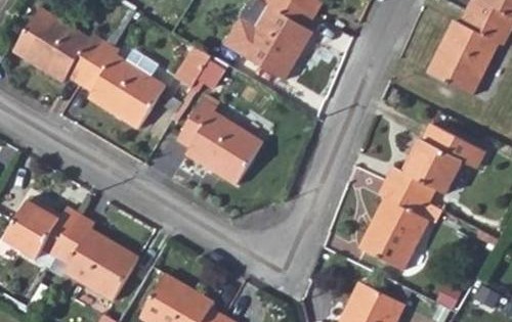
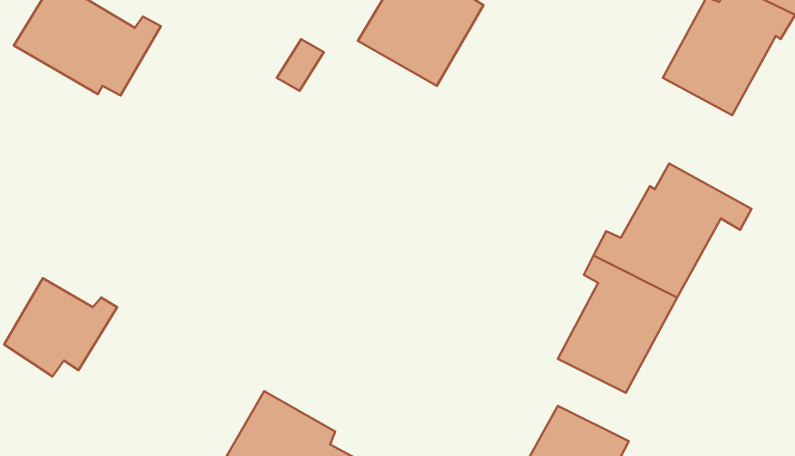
building: [81,39,170,128] -> none
building: [180,97,268,183] -> none
building: [54,217,142,306] -> none

